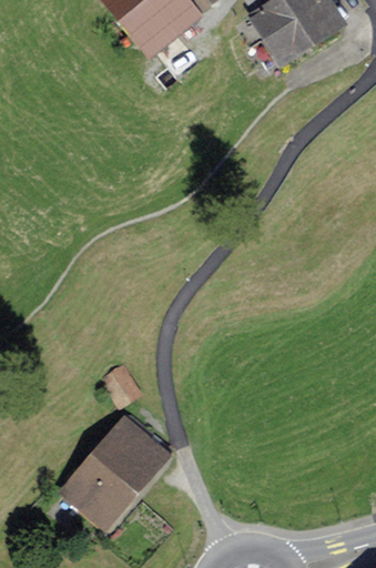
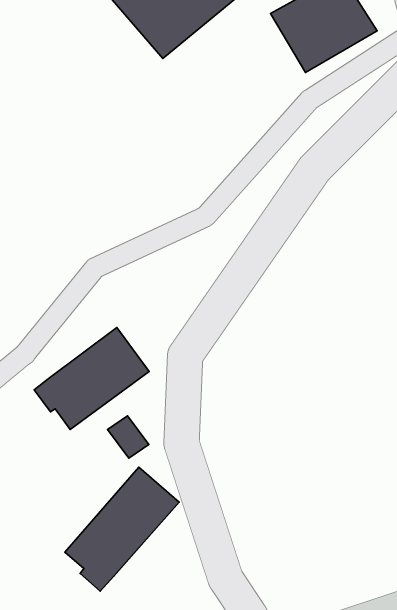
building: none -> [34,328,149,429]

